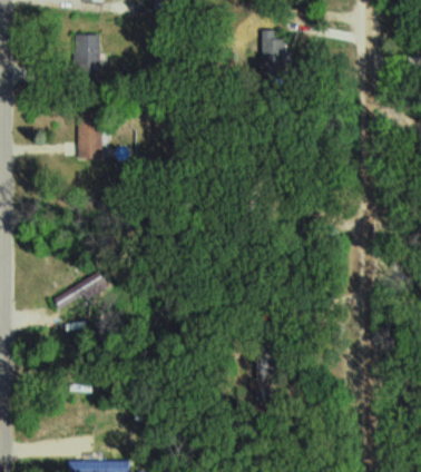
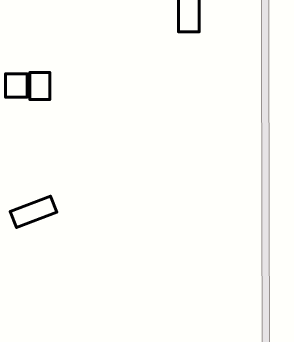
building: [75,40,99,79] -> none
building: none -> [5,74,27,97]

